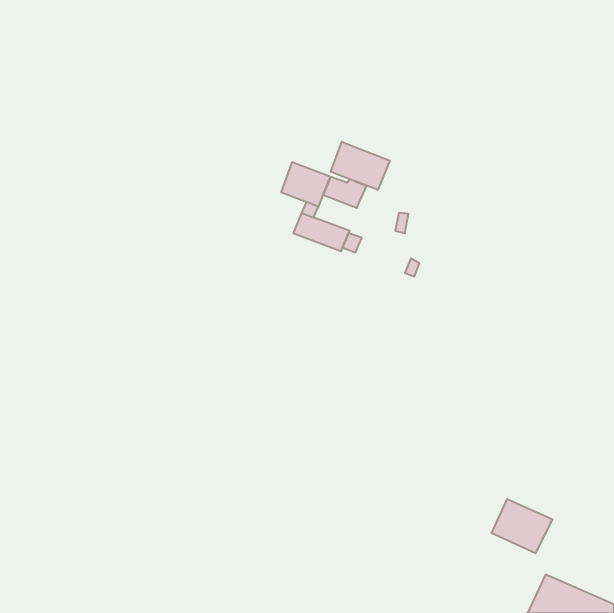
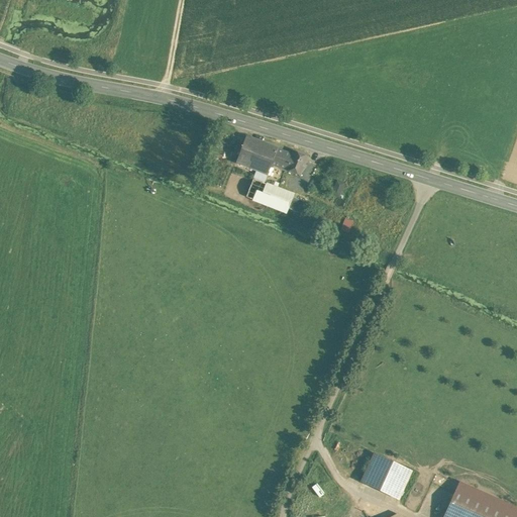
building: [331,142,390,190] -> none
building: [491,499,553,553] -> [365,454,416,500]

